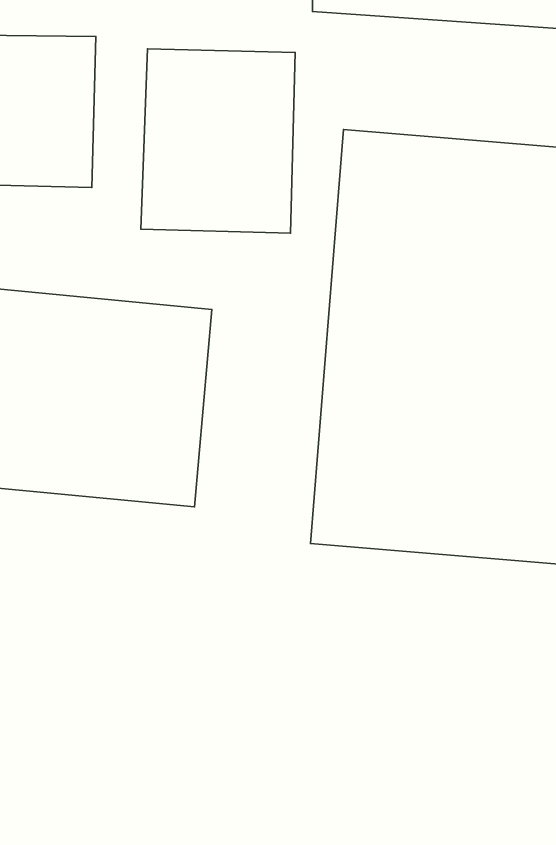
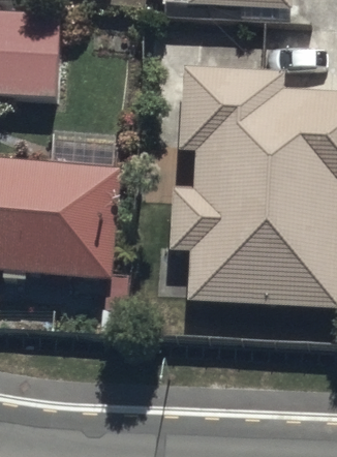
building: [141,49,295,233] -> none

